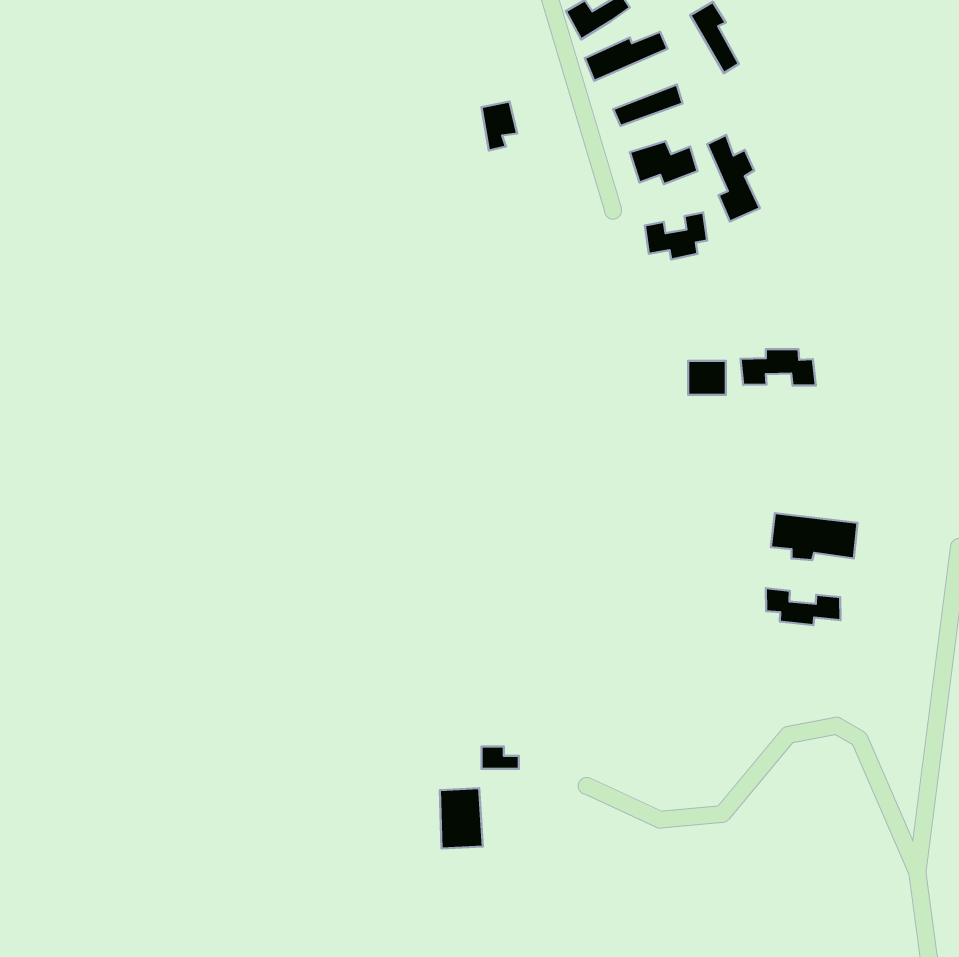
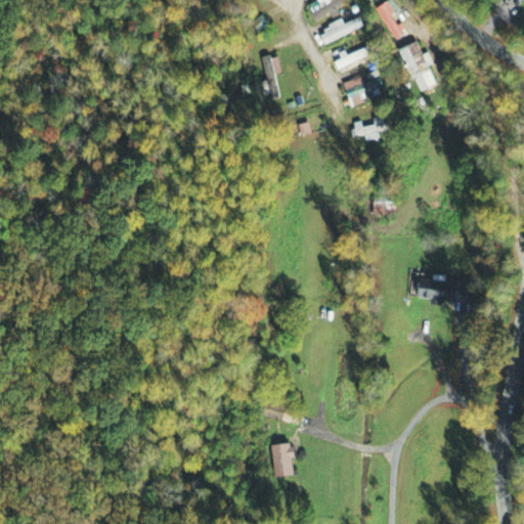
building: [707,135,760,221] -> [408,44,437,91]
building: [740,349,816,386] -> none
building: [766,588,840,625] -> none
building: [440,788,483,848] -> [270,444,294,477]

